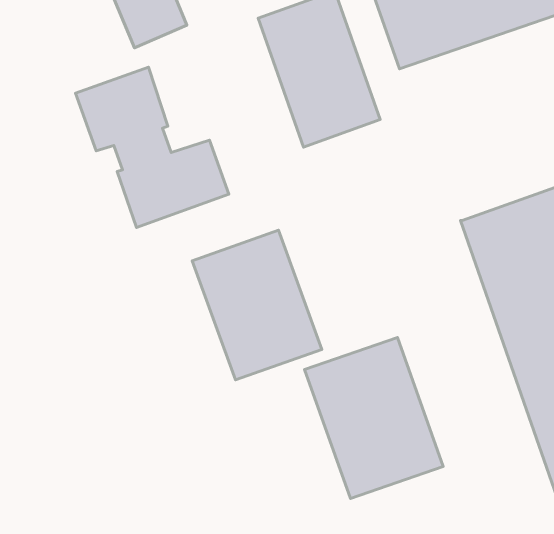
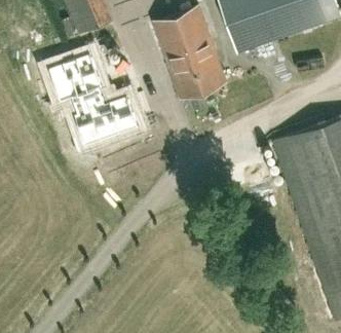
building: [192,230,322,380] -> none
building: [305,338,443,499] -> none

